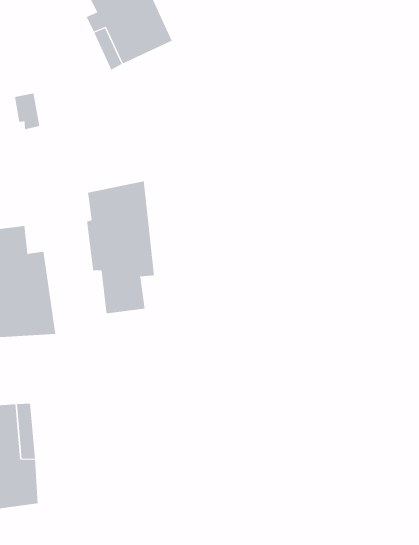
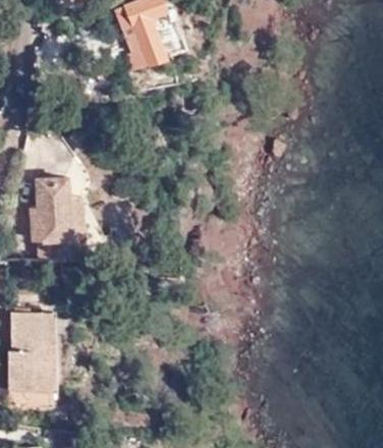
building: [87,180,155,314] -> none

